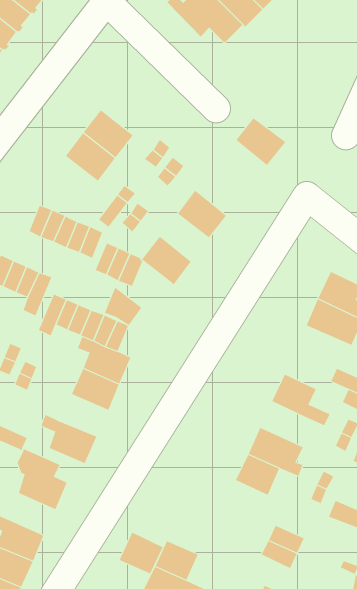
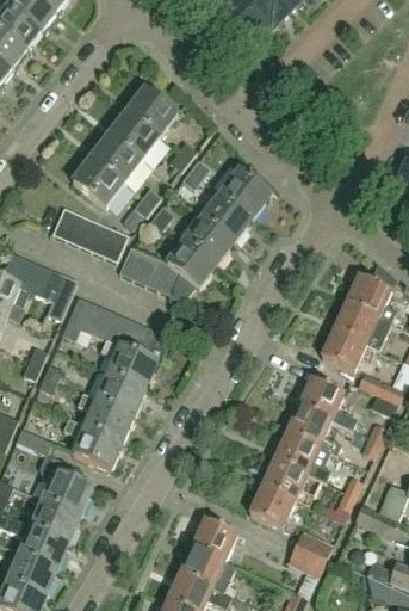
building: none -> [125,87,178,137]
building: [236,118,286,166] -> [221,169,272,218]
building: none -> [72,158,123,208]
building: none -> [185,216,235,265]
building: [104,287,142,326] -> [157,264,196,303]
building: none -> [321,329,366,371]
building: none -> [76,394,134,442]
building: none -> [286,406,341,456]
building: none -> [249,486,295,529]
building: none -> [31,499,80,542]
building: [119,532,164,574] -> [192,518,237,561]

